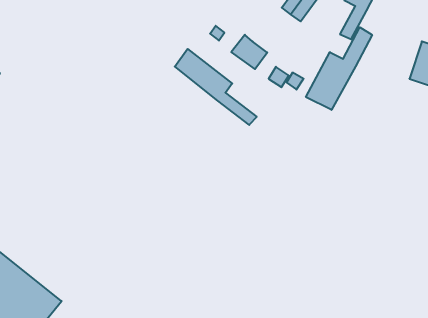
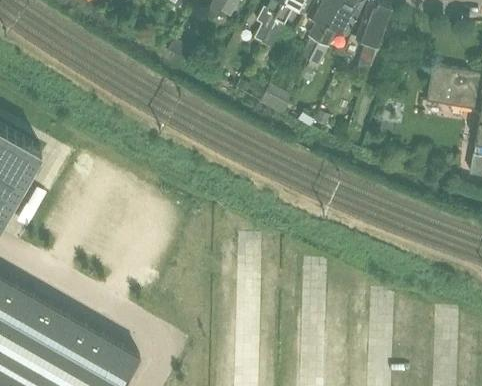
building: [306,27,372,110] -> none
building: [175,49,257,125] -> none

